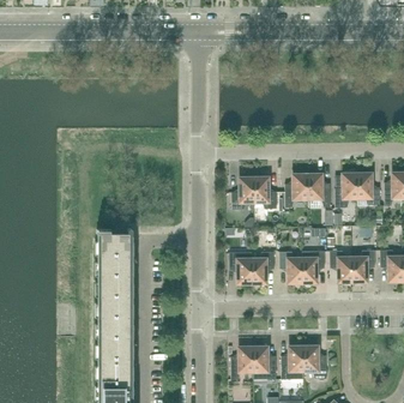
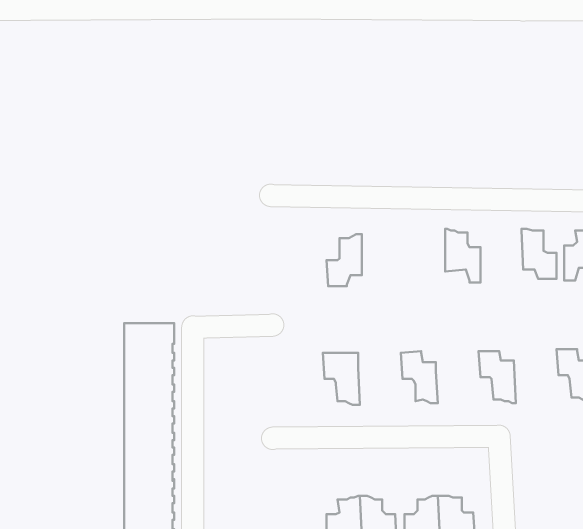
building: [285,172,308,207] -> none
building: [336,172,358,207] -> none
building: [254,175,277,209] -> none
building: [352,249,375,284] -> none
building: [302,251,325,284] -> none
building: [252,252,275,285] -> none

